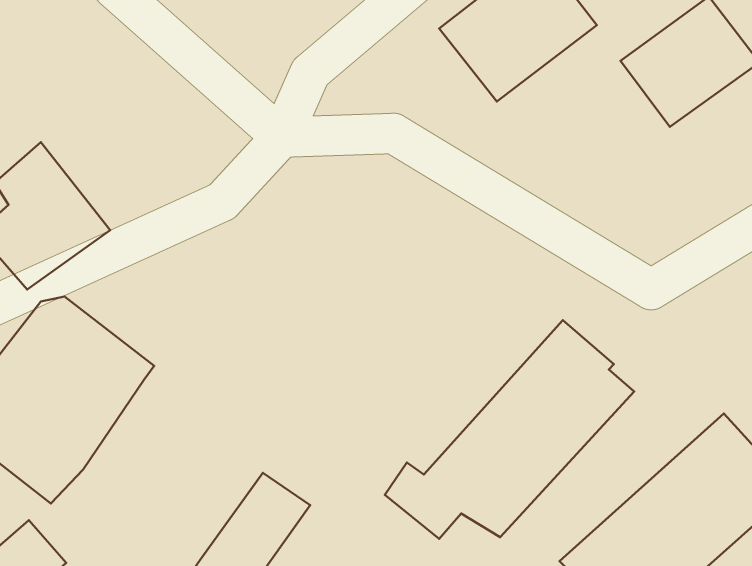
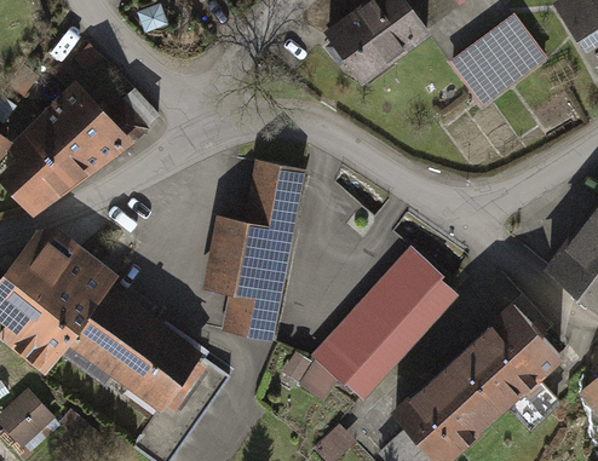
building: none -> [35,81,144,178]
building: none -> [206,155,309,334]
building: none -> [65,284,196,411]

